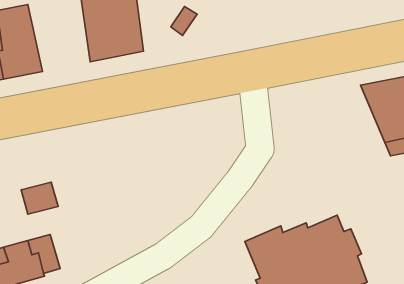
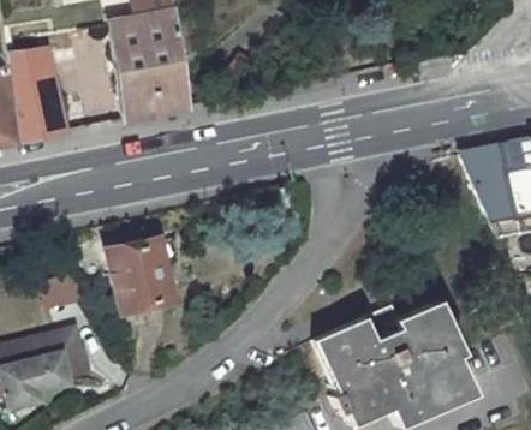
building: none -> [109,240,173,306]

